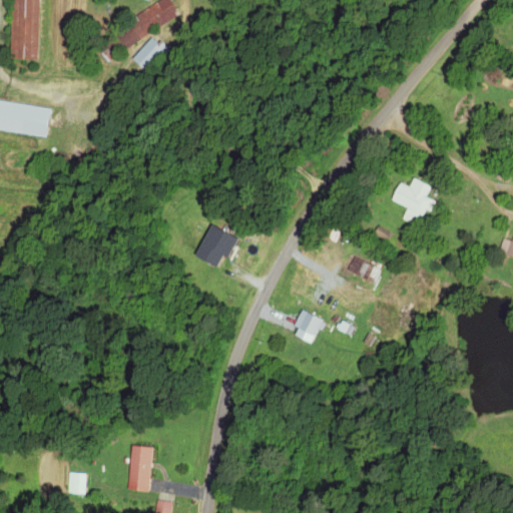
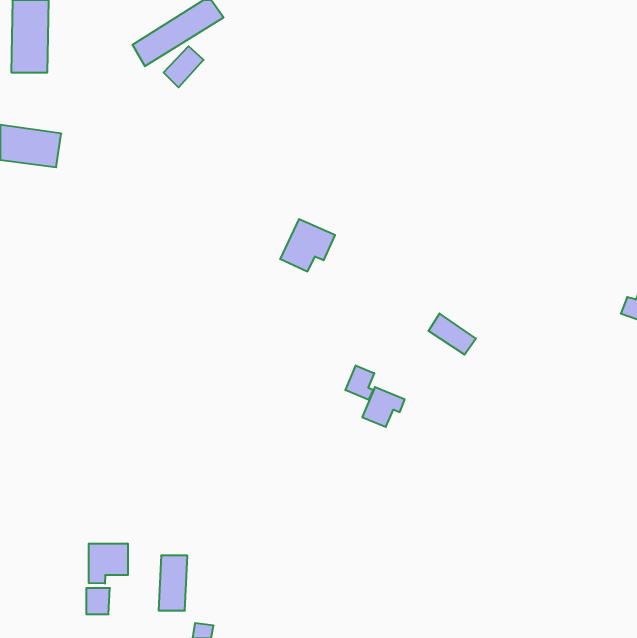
building: [389,178,431,225] -> none
building: [193,224,237,267] -> [280,219,335,271]
building: none -> [345,365,374,400]
building: none -> [89,543,128,584]

